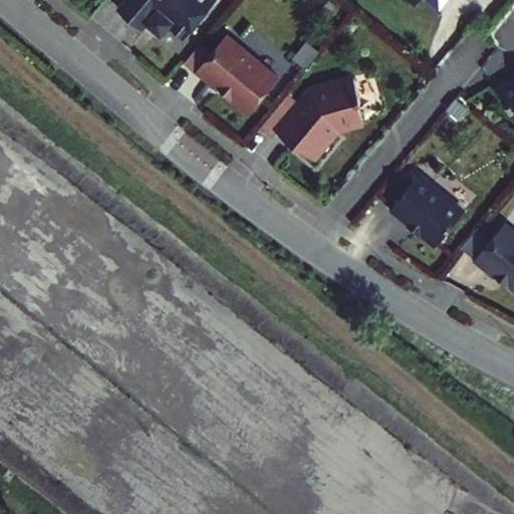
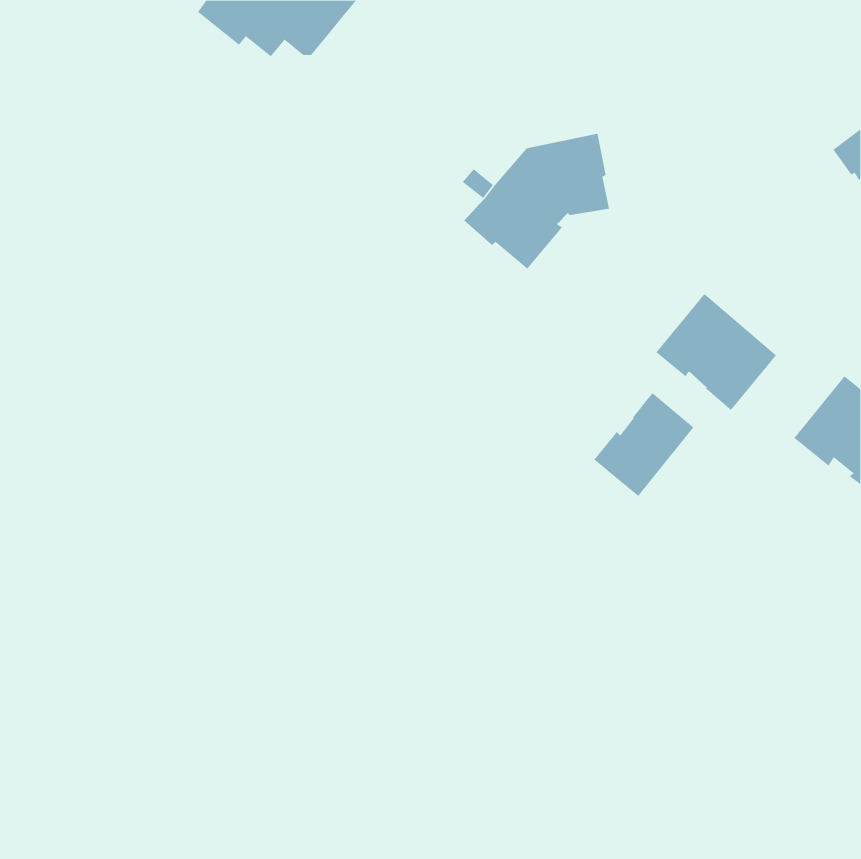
building: [197,35,279,114] -> none
building: none -> [593,392,694,497]

